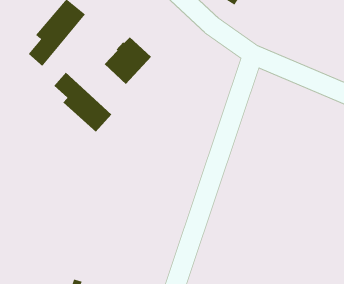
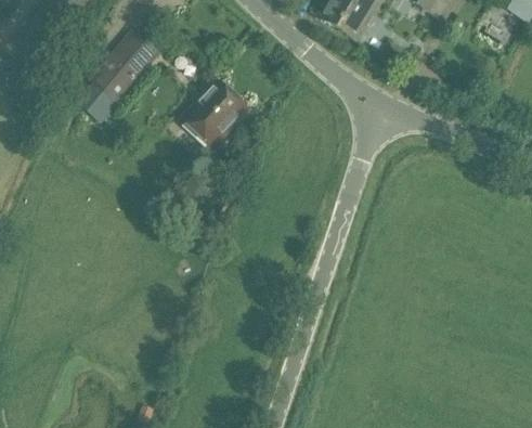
building: [54,72,112,133] -> none

